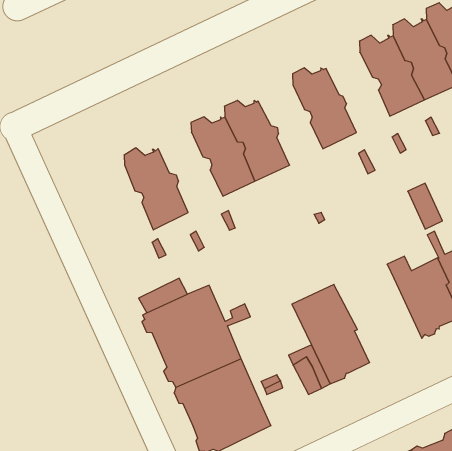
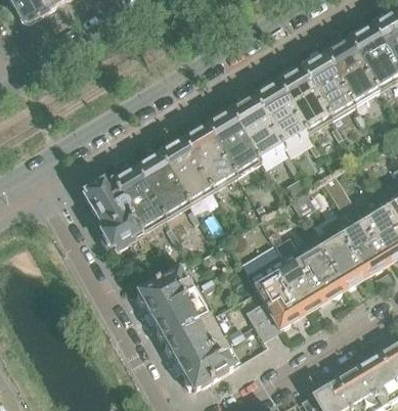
building: none -> [255,83,306,142]
building: none -> [207,111,259,171]
building: none -> [136,153,188,213]
building: none -> [82,179,139,252]
building: none -> [276,247,345,311]

